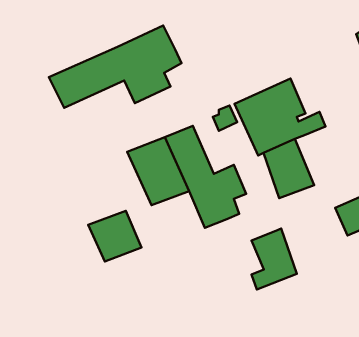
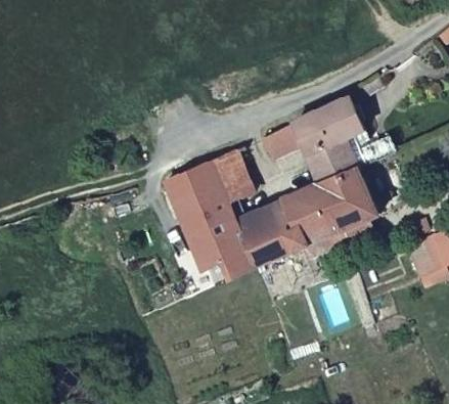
building: [49,26,182,108] -> none
building: [88,211,141,261] -> [189,226,252,285]
building: [251,228,297,289] -> [285,181,339,253]

